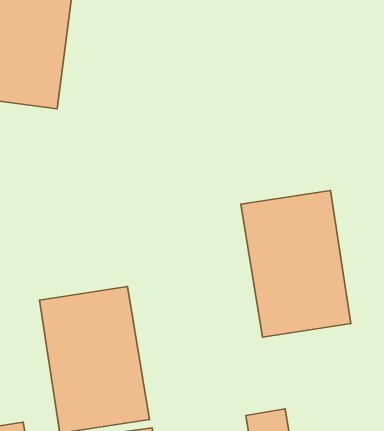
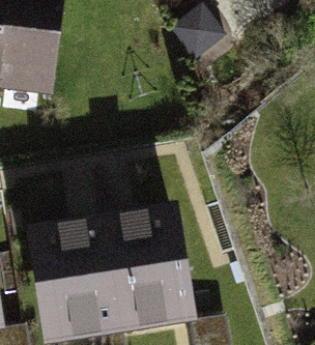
building: [241,191,351,337] -> [102,220,185,332]

